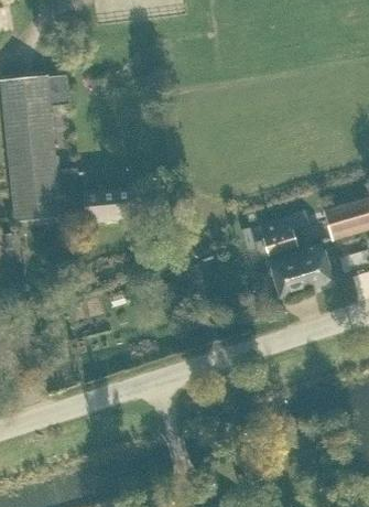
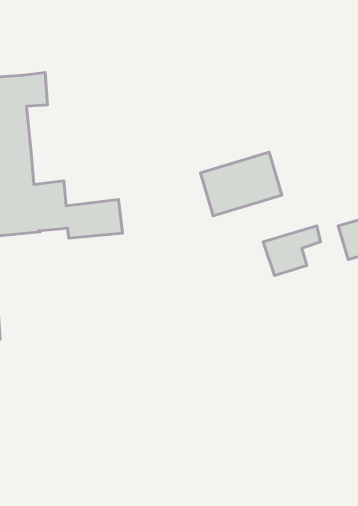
building: none -> [201,152,282,216]
building: [268,245,333,299] -> none

